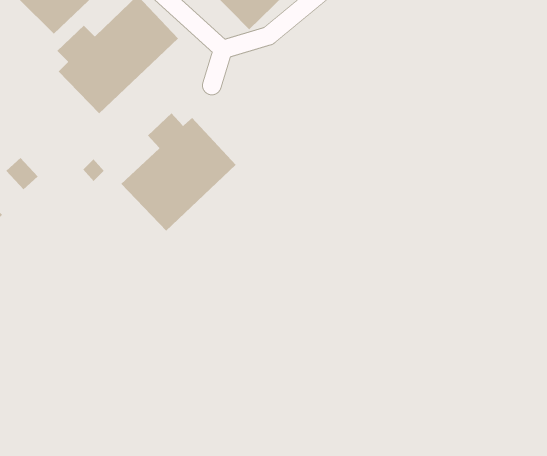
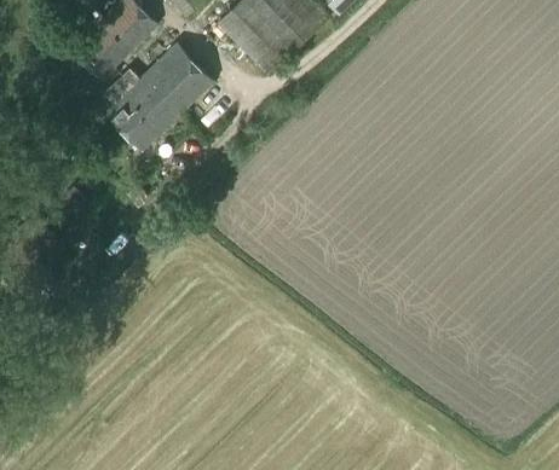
building: [120,113,236,232] -> none

